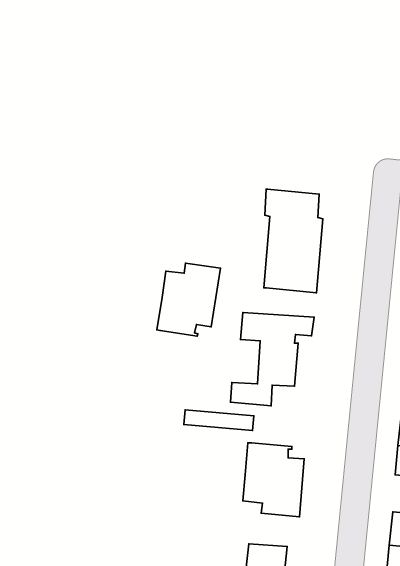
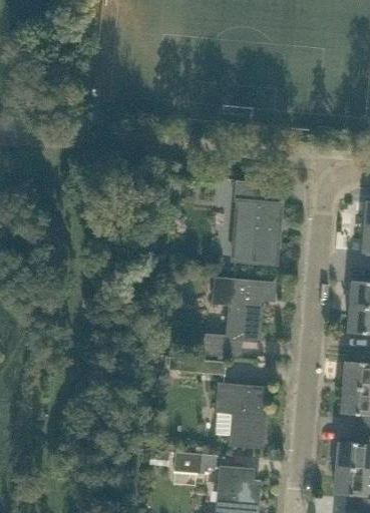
building: [157,263,220,336] -> none
building: none -> [176,453,217,474]

